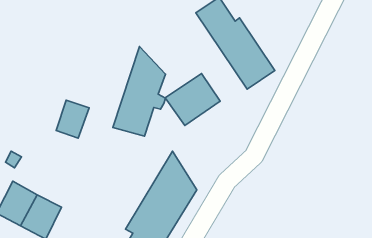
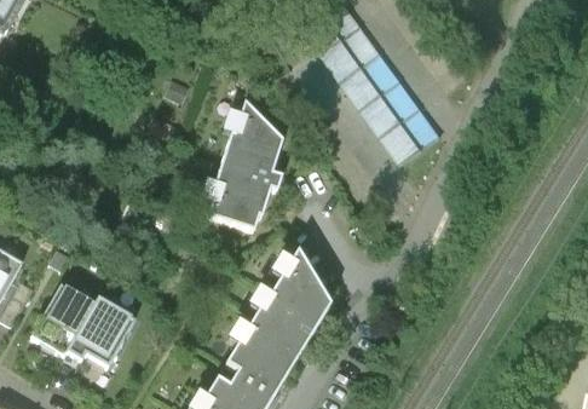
building: [165,73,220,126] -> none
building: [56,100,89,138] -> none

